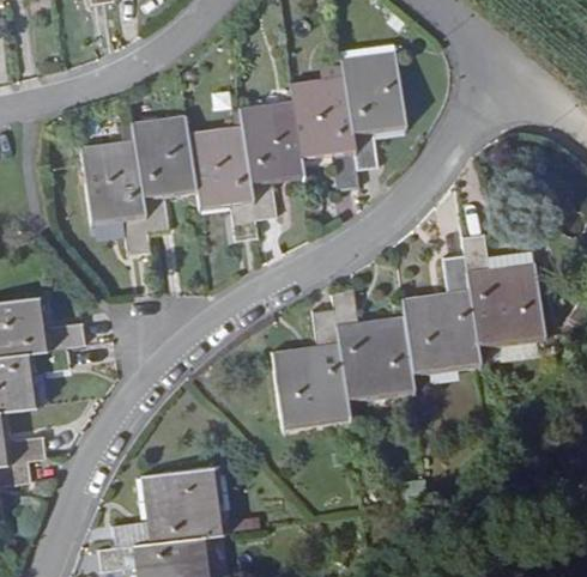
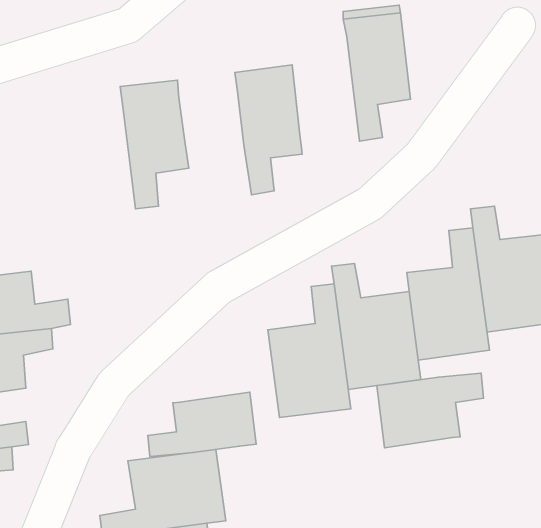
building: [291,77,359,194] -> none
building: [187,126,256,242] -> none
building: [80,140,149,257] -> none
building: none -> [377,373,484,448]
building: none -> [148,392,256,457]

